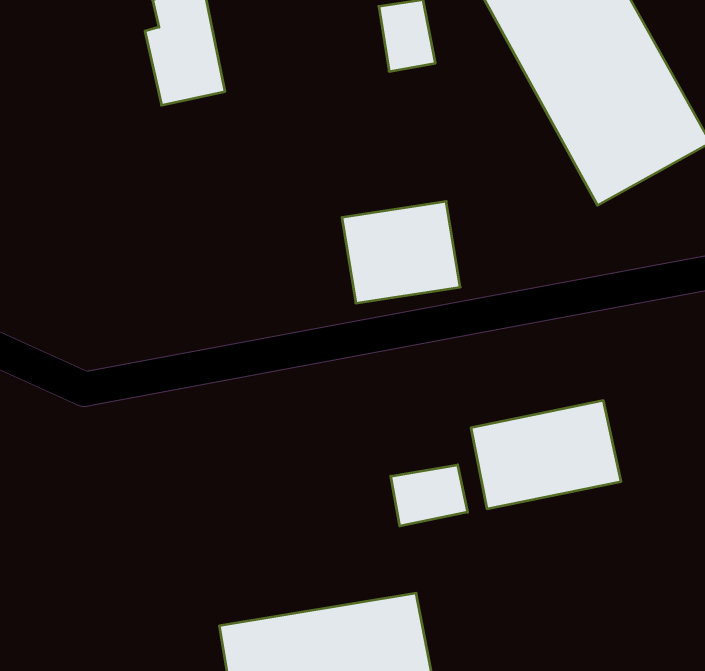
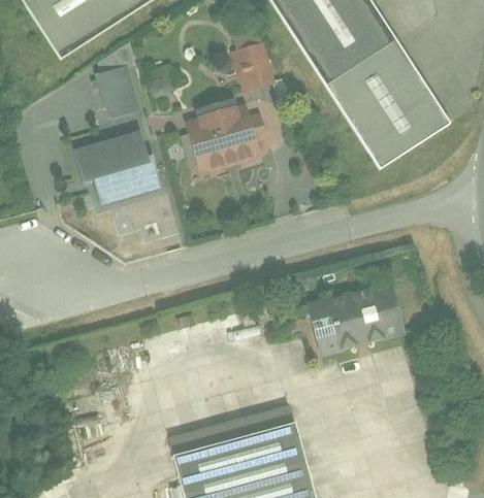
building: none -> [82,136,168,206]
building: [342,201,460,303] -> [183,103,258,169]
building: [391,465,468,526] -> none

